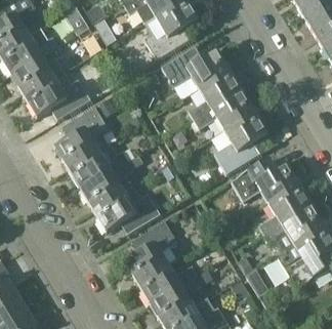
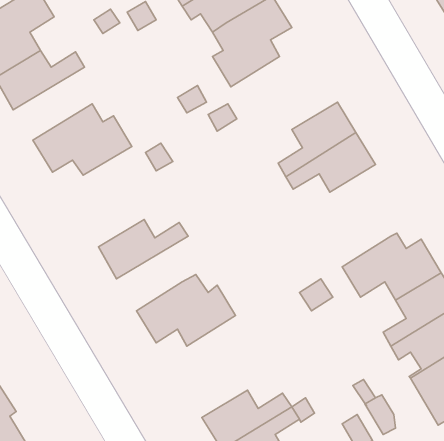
building: [10,46,64,95] -> none
building: [162,46,229,88] -> none
building: [54,107,108,167] -> none
building: [214,112,267,173] -> none
building: [80,160,133,210] -> none
building: [124,220,177,282] -> none

